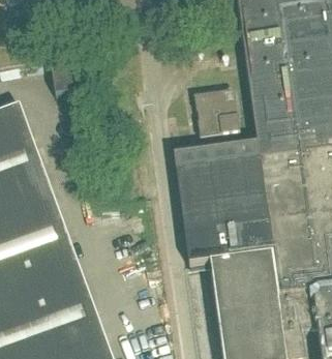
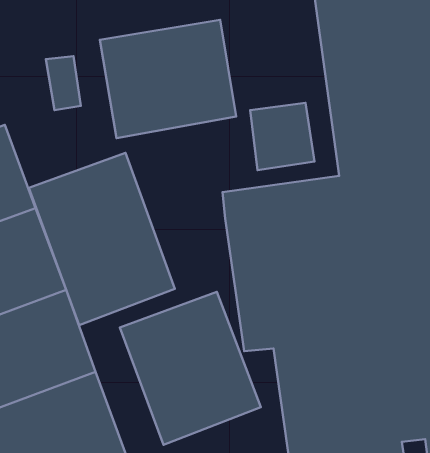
building: none -> [100,20,236,138]
building: none -> [29,153,175,325]
building: none -> [120,292,261,445]

